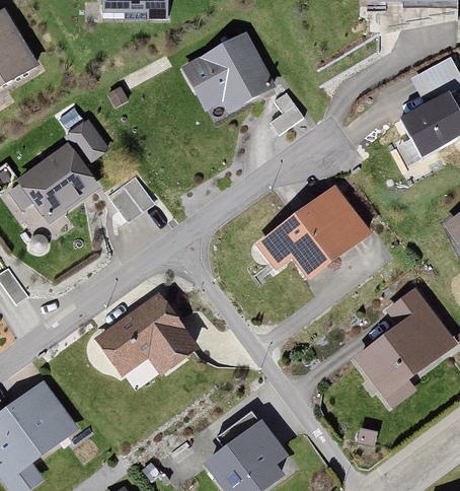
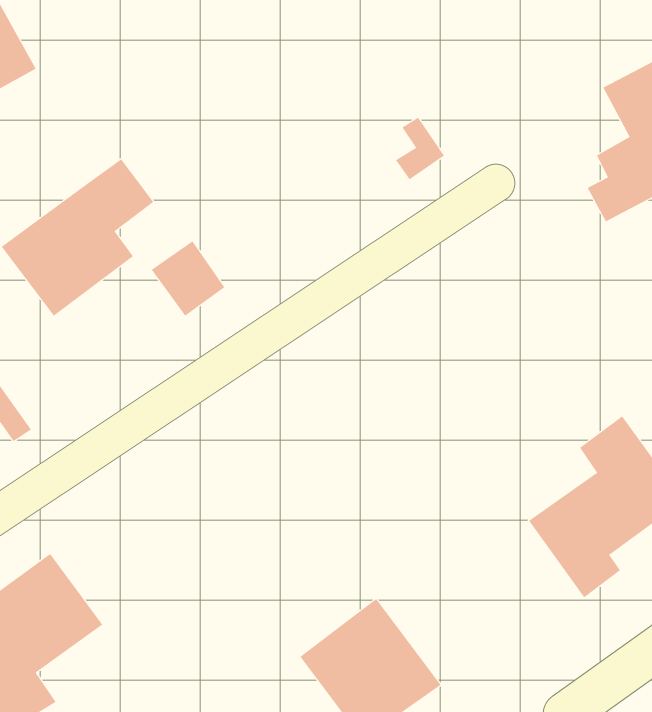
building: [181,32,276,114] -> none
building: [256,188,371,283] -> none
building: [92,291,199,376] -> none

